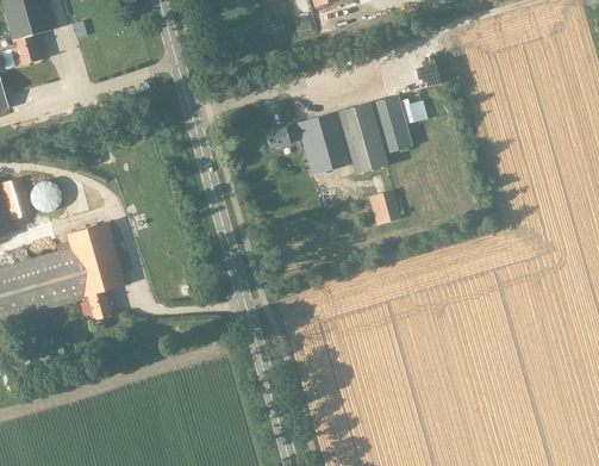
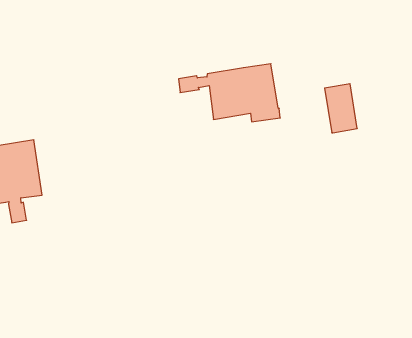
building: [369,95,412,154] -> [325,84,357,133]
building: [368,191,400,225] -> none

